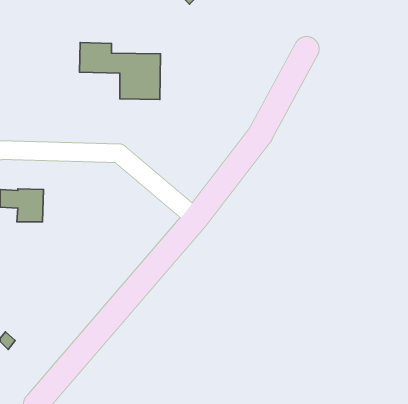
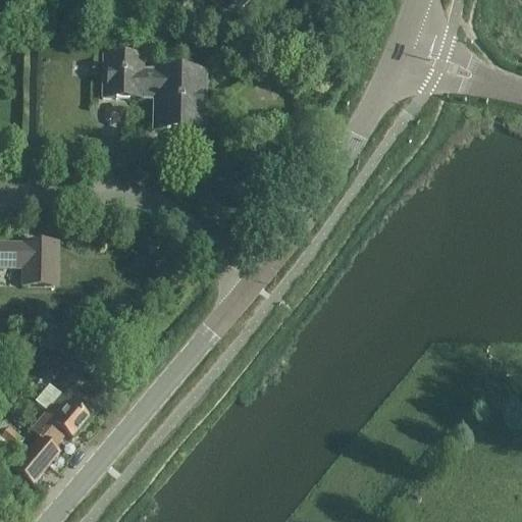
building: none -> [15,390,91,480]

